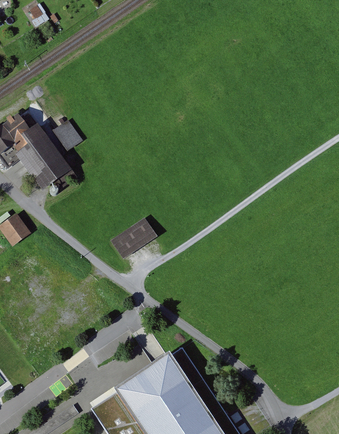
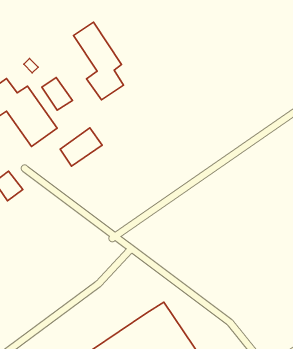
building: none -> [74,22,124,100]
building: [113,216,157,256] -> [60,128,102,166]

